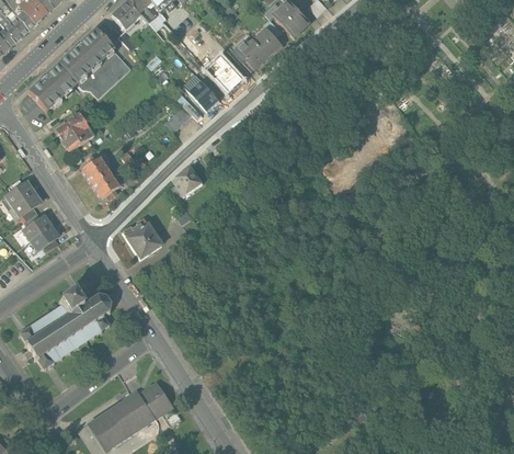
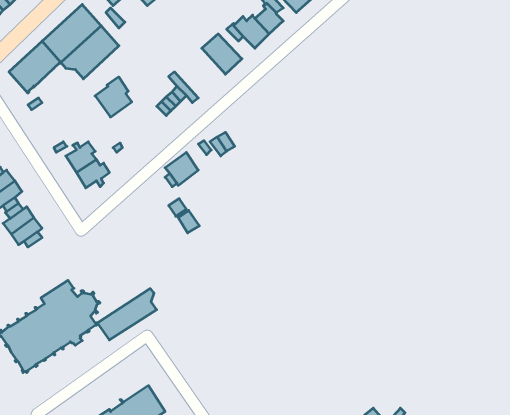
building: [190,80,219,111] -> none
building: [55,114,89,151] -> [95,77,132,117]
building: [119,217,160,260] -> none
building: none -> [98,289,157,340]

